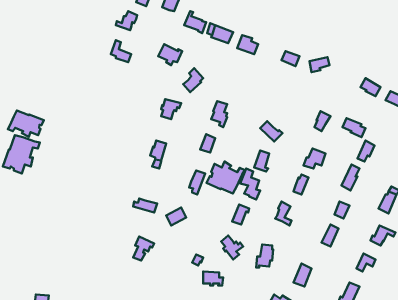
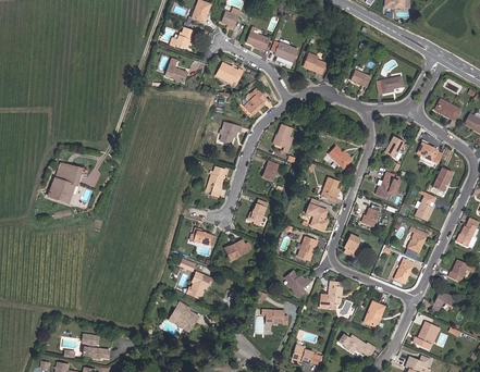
building: [8,111,44,137] -> none
building: [206,162,245,193] -> none
building: none -> [170,300,198,332]

